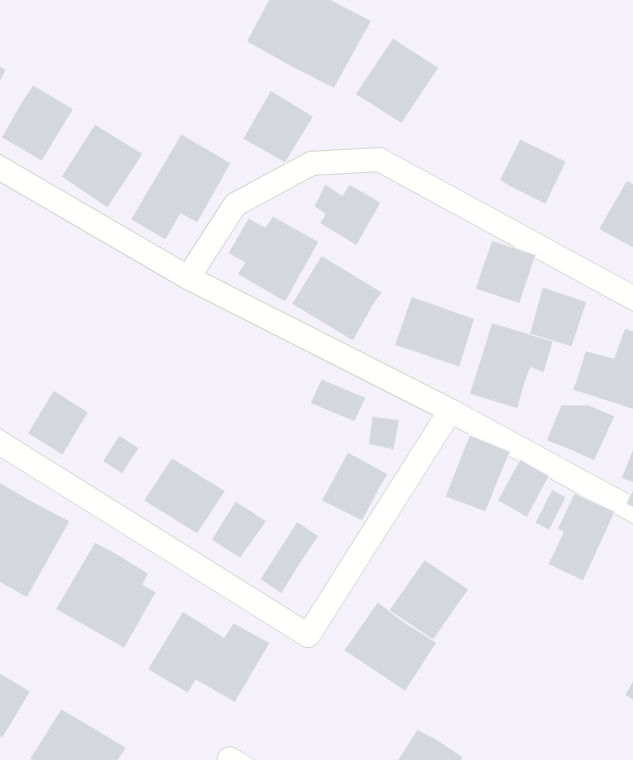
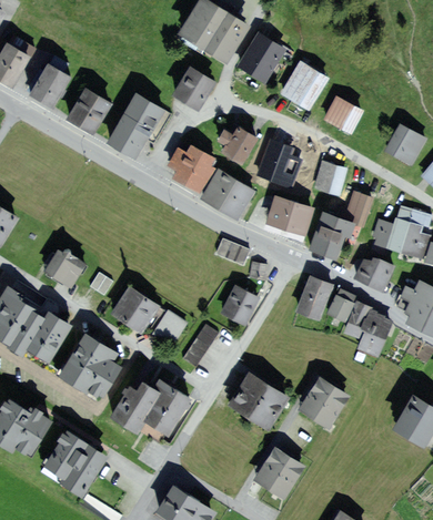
building: none -> [280,63,330,115]
building: none -> [253,137,293,182]
building: [389,560,469,640] -> [301,378,349,426]

